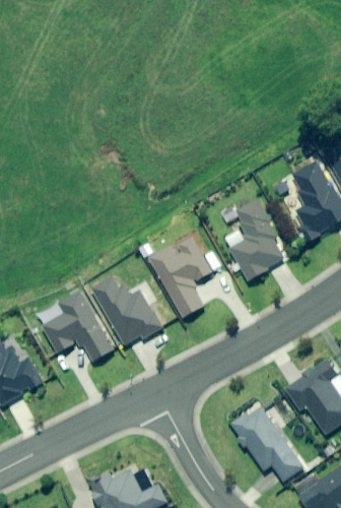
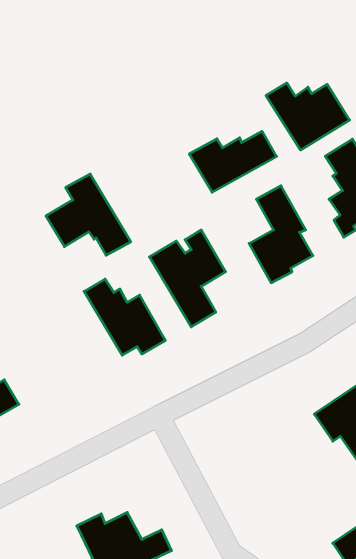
building: none -> [266,83,350,150]
building: none -> [189,131,277,192]
building: [44,292,114,359] -> [46,174,131,255]
building: [231,406,302,481] -> none

